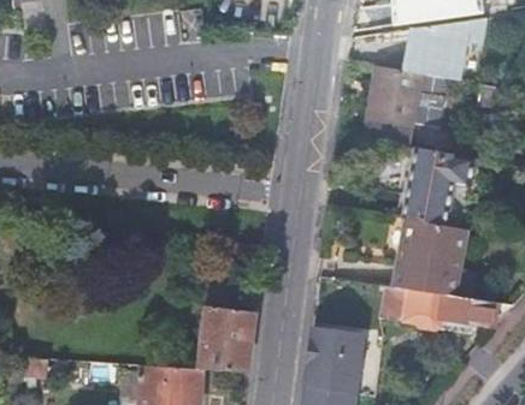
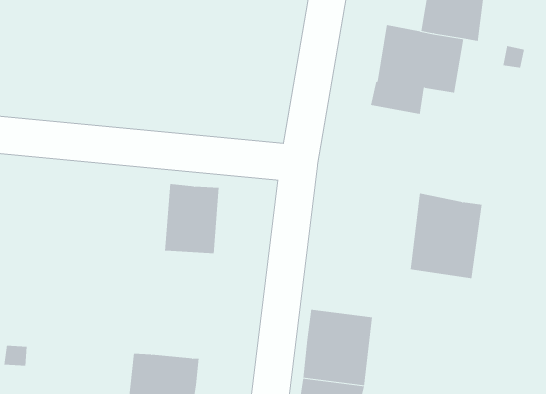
building: [401,147,476,226] -> none
building: [377,285,513,327] -> none
building: [200,306,250,370] -> [164,184,220,254]

